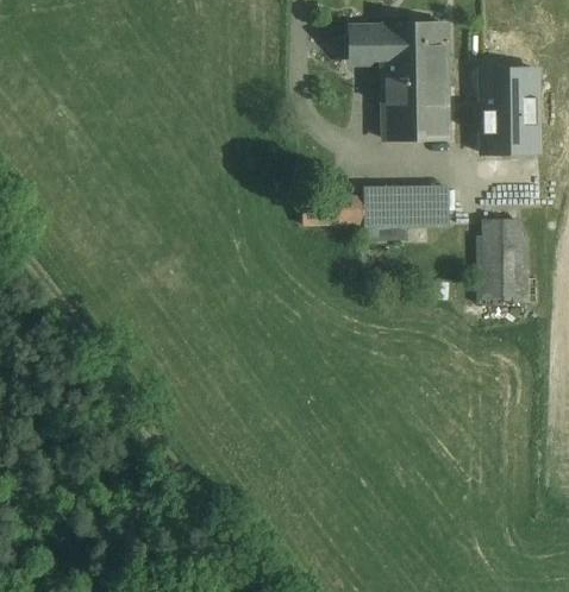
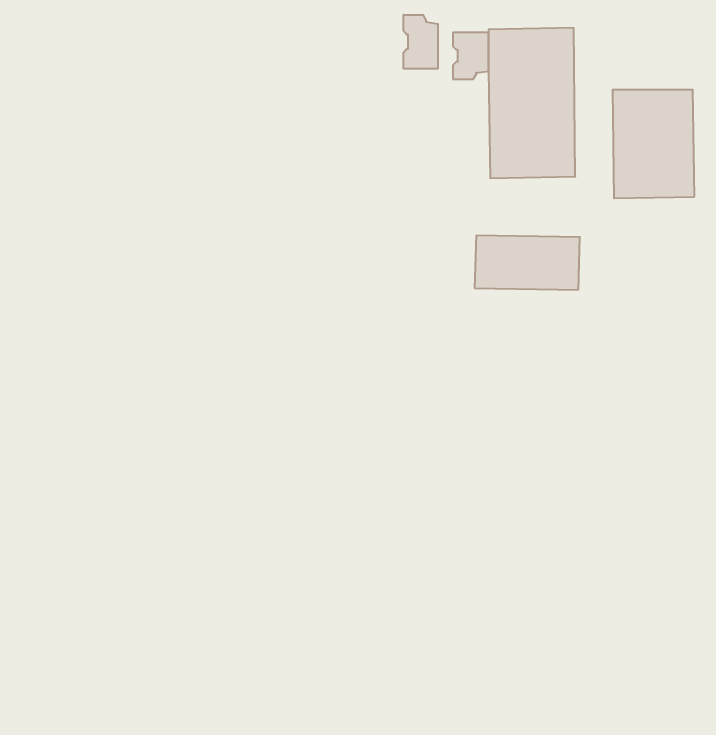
building: none -> [404,15,438,69]
building: [484,216,530,303] -> none

